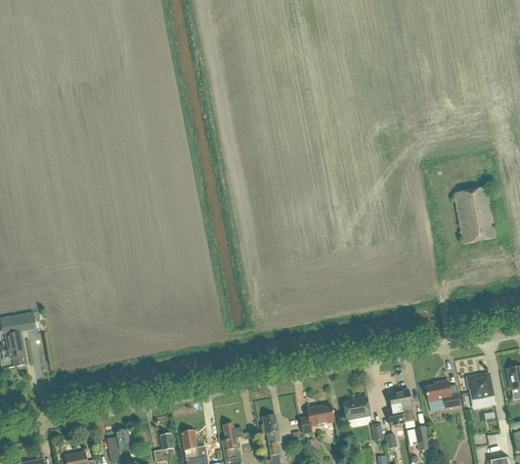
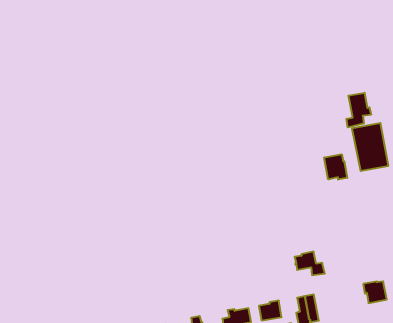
building: none -> [347,93,371,127]
building: none -> [324,154,347,180]
building: [425,379,461,407] -> [295,252,325,275]

